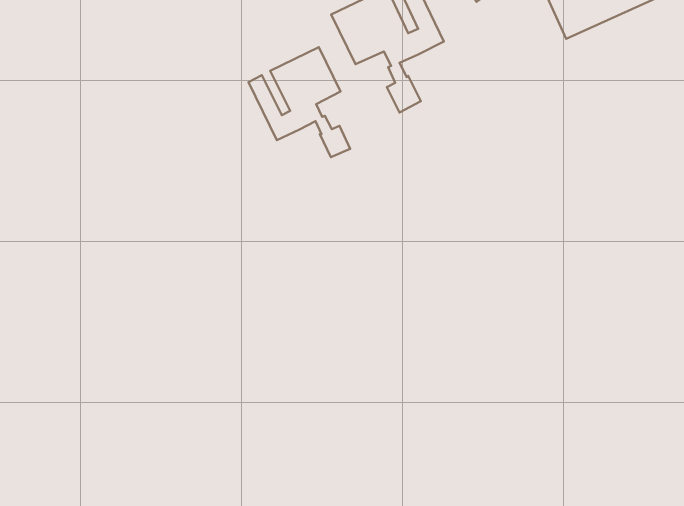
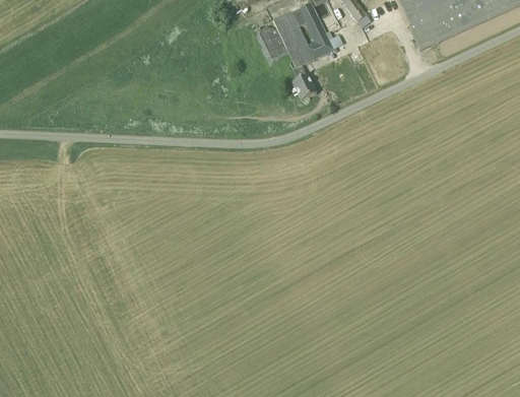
building: [248,47,350,157] -> none

